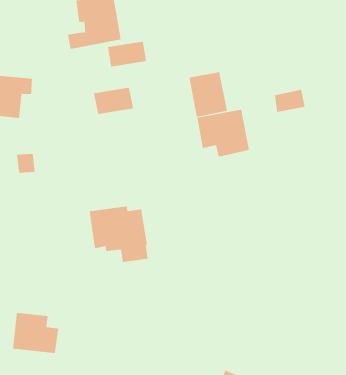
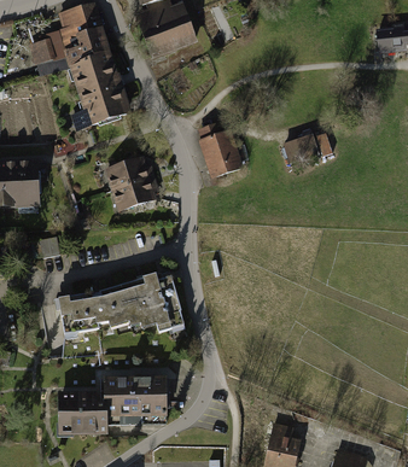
building: [107,41,147,67] -> [113,177,155,208]
building: [197,109,249,157] -> none
building: none -> [59,285,128,333]
building: none -> [104,376,167,422]

